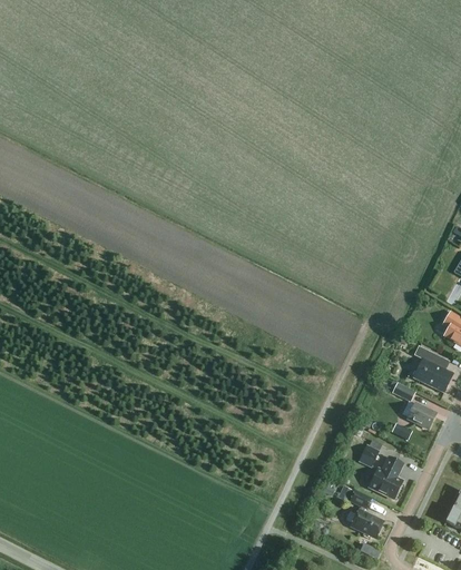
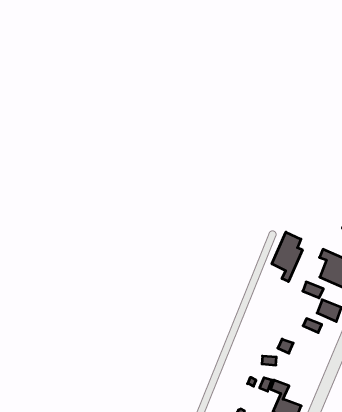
building: none -> [272,232,302,282]
building: [369,455,403,498] -> none

